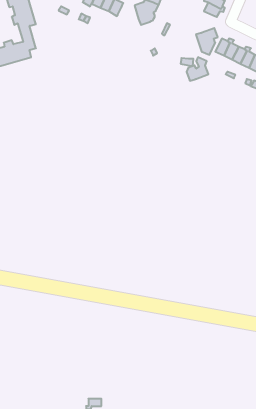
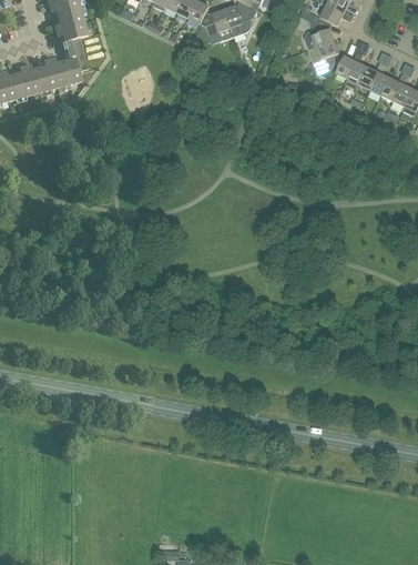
building: none -> [201,9,230,34]
building: [187,57,208,81] -> [304,17,334,49]

